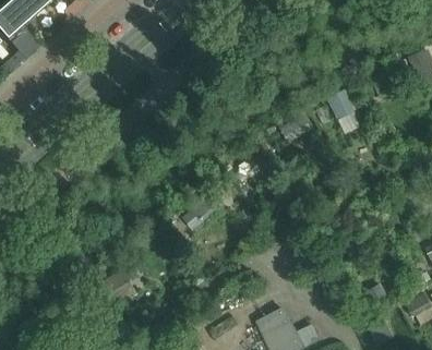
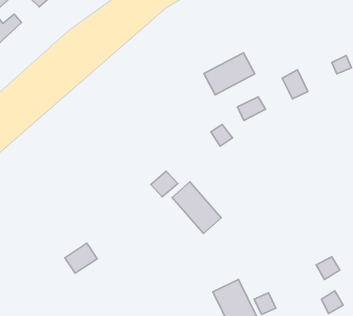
building: none -> [204,53,255,95]
building: none -> [172,182,221,233]

